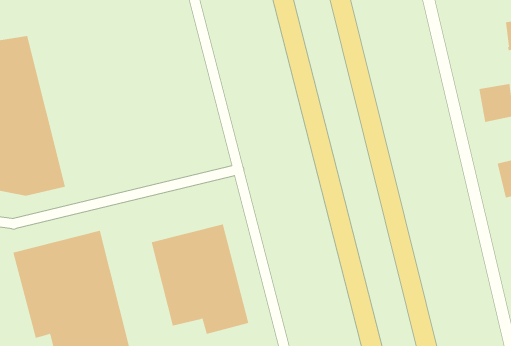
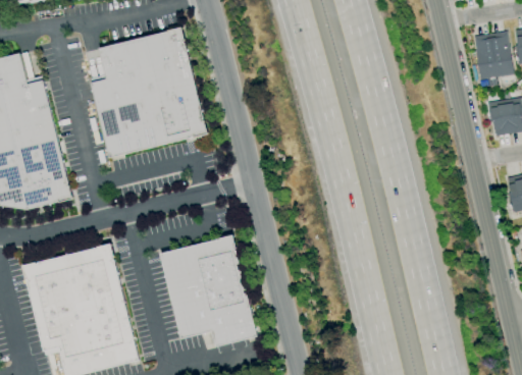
building: none -> [92,30,206,158]
building: none -> [470,32,511,79]

